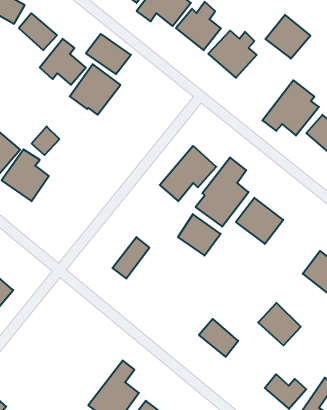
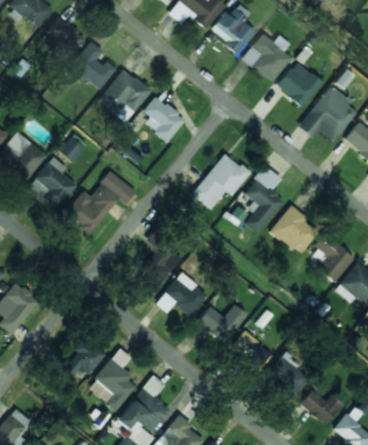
building: [265,15,310,59] -> [276,61,323,106]
building: [86,34,131,74] -> [139,97,185,138]
building: none -> [65,171,136,234]
building: [178,214,221,256] -> [164,272,208,315]
building: none -> [311,234,355,282]
building: none -> [198,304,247,342]
building: [258,303,301,345] -> [265,353,309,397]
building: none -> [59,336,106,379]
building: none -> [88,347,136,410]

